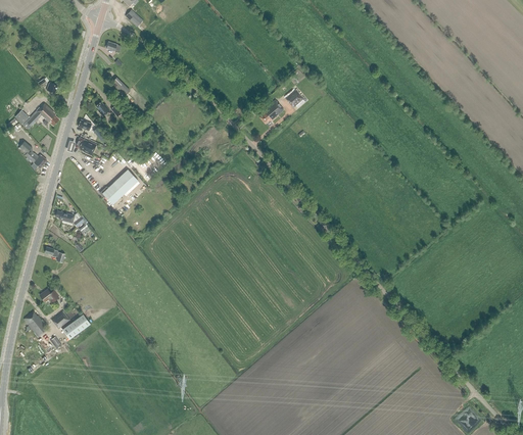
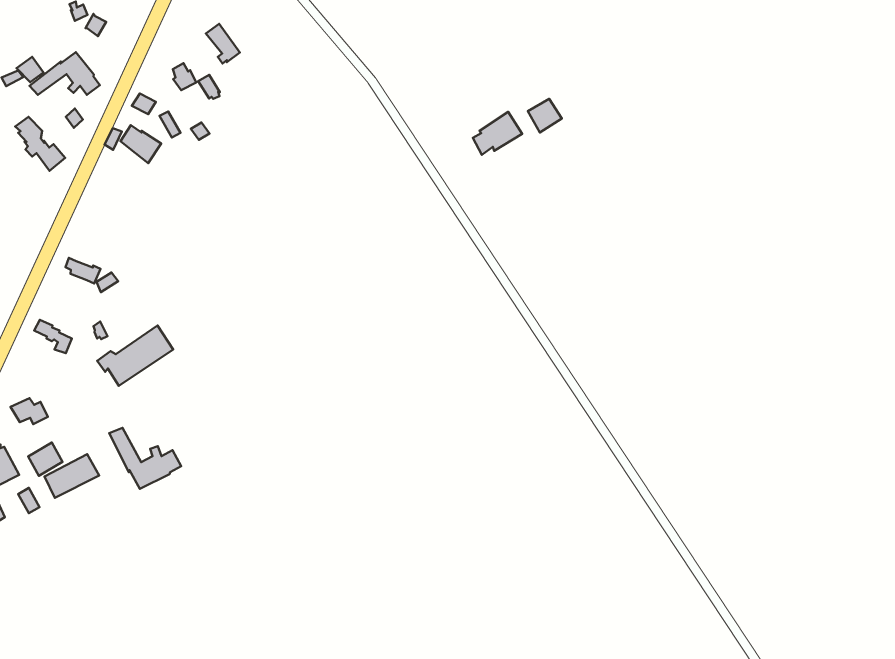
building: [99,168,138,203] -> [97,325,173,386]
building: none -> [109,428,181,489]

